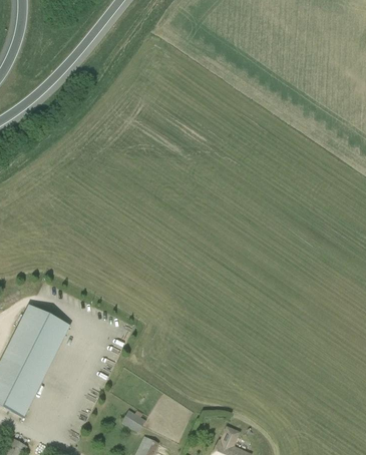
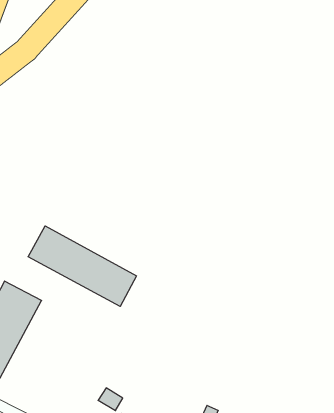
building: none -> [28,226,136,306]

